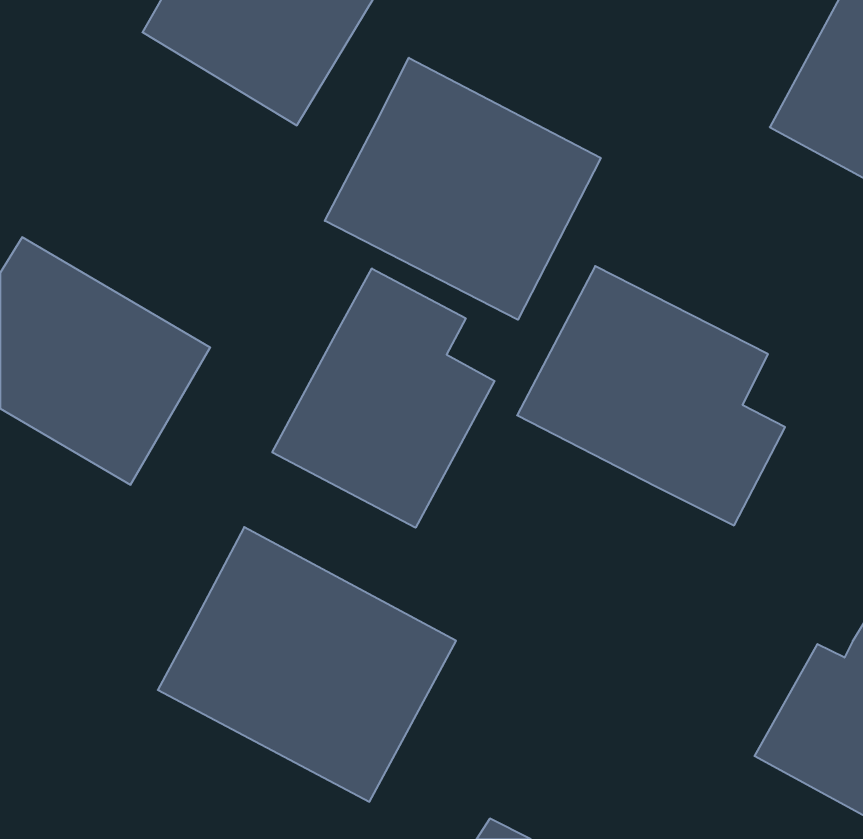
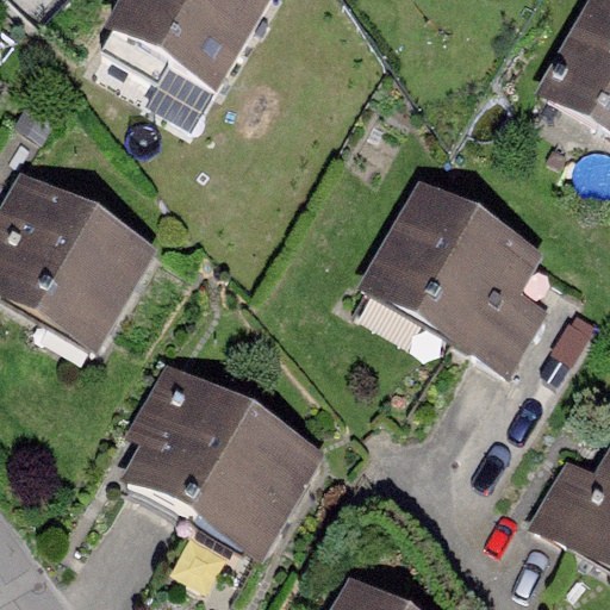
building: [325,58,601,320] -> none
building: [272,268,495,528] -> none

